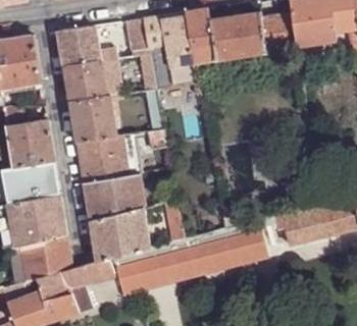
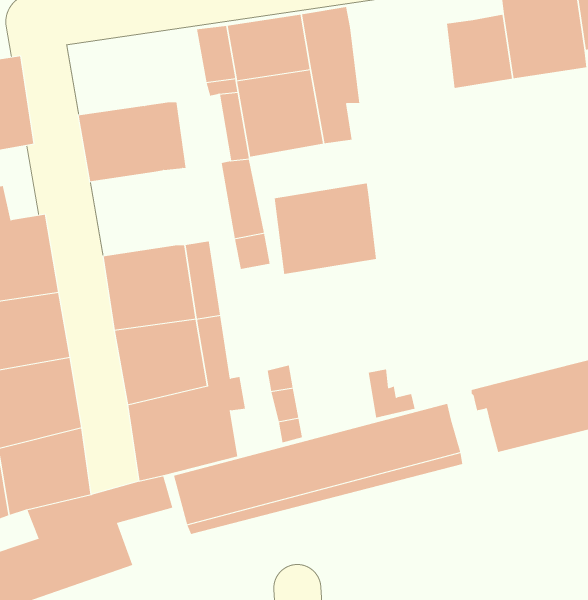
building: [210,11,265,60] -> [274,183,377,275]
building: [59,25,117,66] -> none
building: [70,96,117,142] -> none

